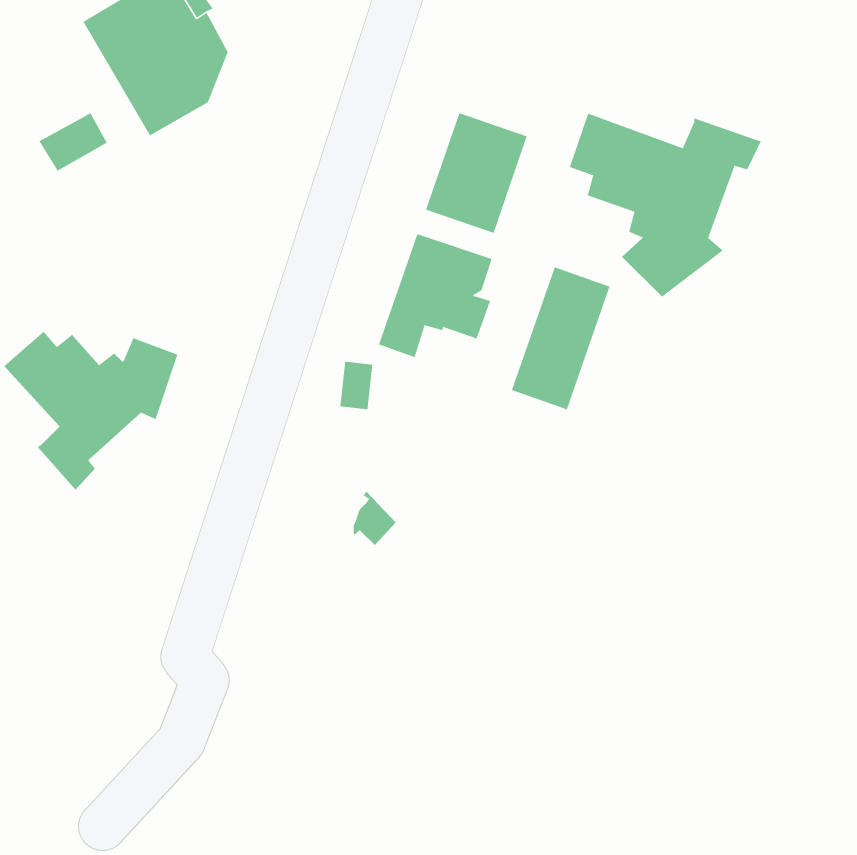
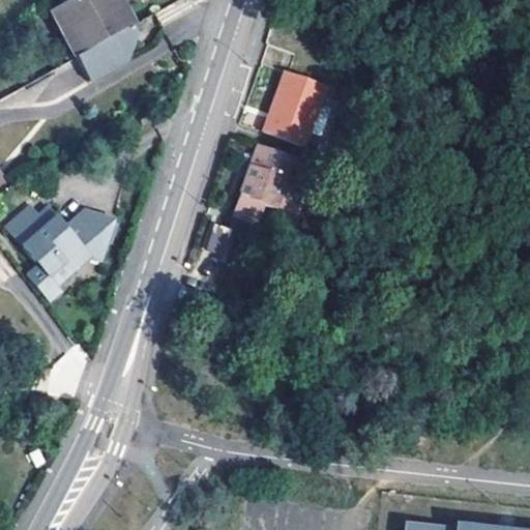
building: [569,113,762,297] -> none
building: [511,266,610,410] -> none

